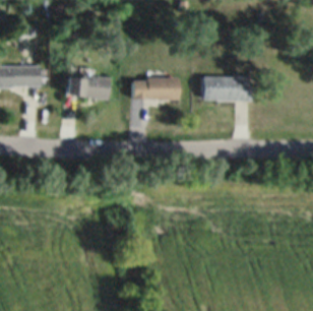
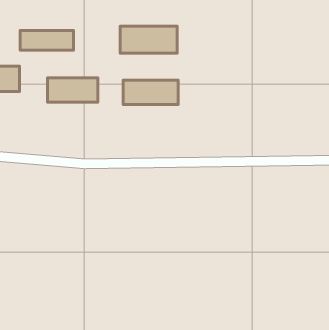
building: none -> [20,31,73,50]
building: [202,77,252,101] -> [120,26,177,53]

